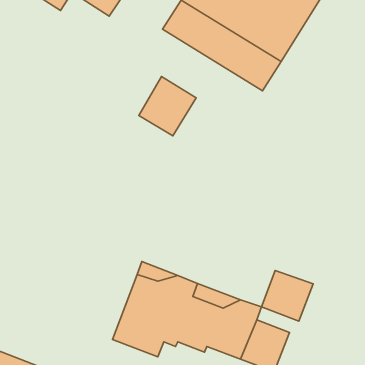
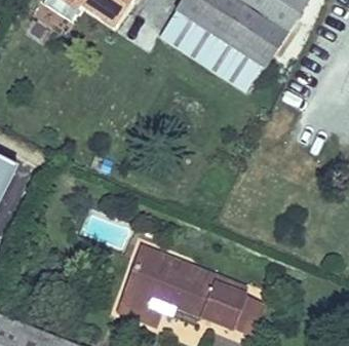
building: [139,76,196,136] -> none
building: [261,270,313,321] -> none

